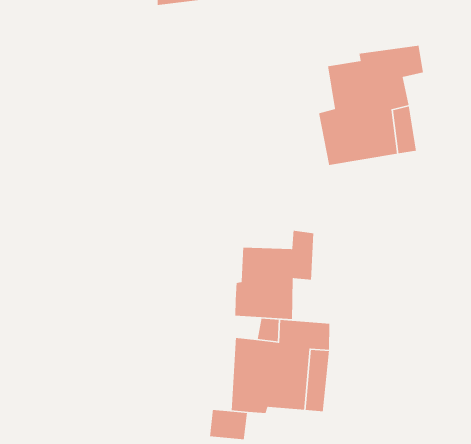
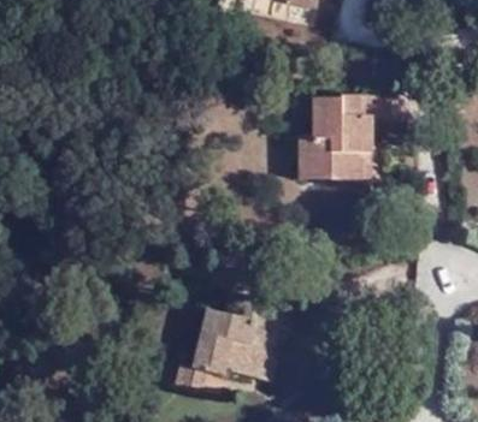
building: [234,230,314,320] -> none

